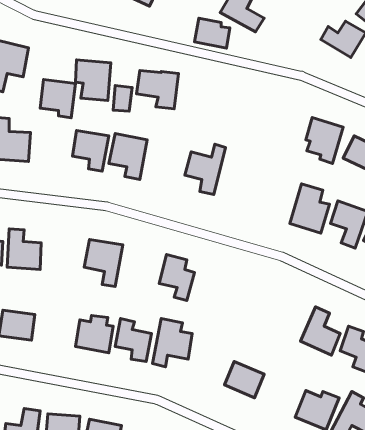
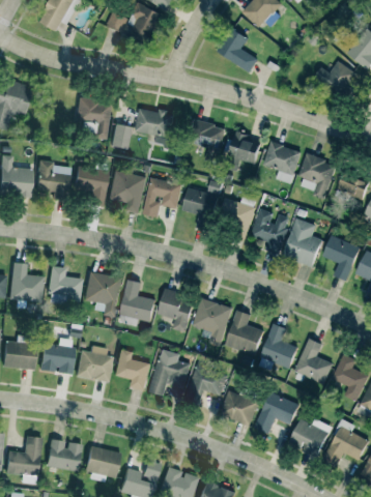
building: [195,18,230,48] -> [191,119,225,148]
building: [40,79,76,118] -> [36,162,70,199]
building: none -> [230,131,262,163]
building: none -> [263,142,302,183]
building: none -> [143,176,181,216]
building: none -> [217,198,256,235]
building: none -> [252,209,289,256]
building: none -> [47,264,82,308]
building: none -> [120,279,155,321]
building: none -> [194,299,231,345]
building: none -> [224,310,264,356]
building: none -> [261,323,297,368]
building: none -> [40,338,75,374]
building: none -> [186,366,228,405]
building: none -> [256,387,299,434]

